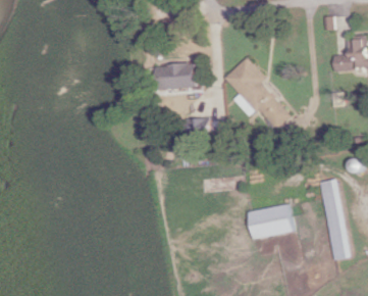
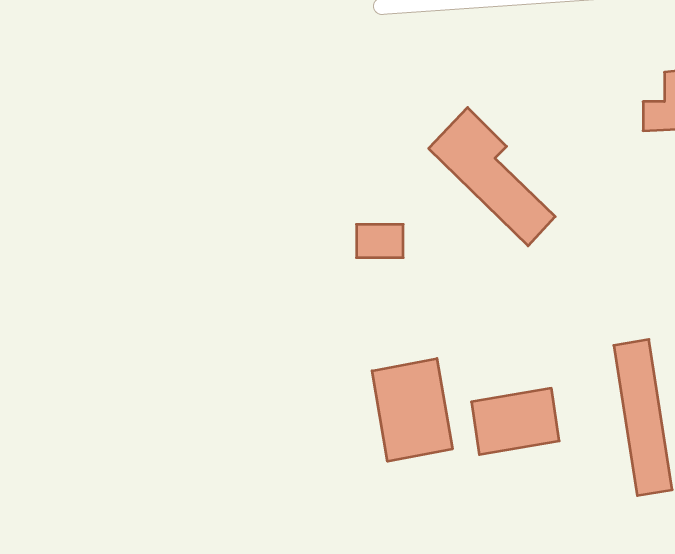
building: [154,62,195,89] -> none
building: none -> [372,358,452,461]

